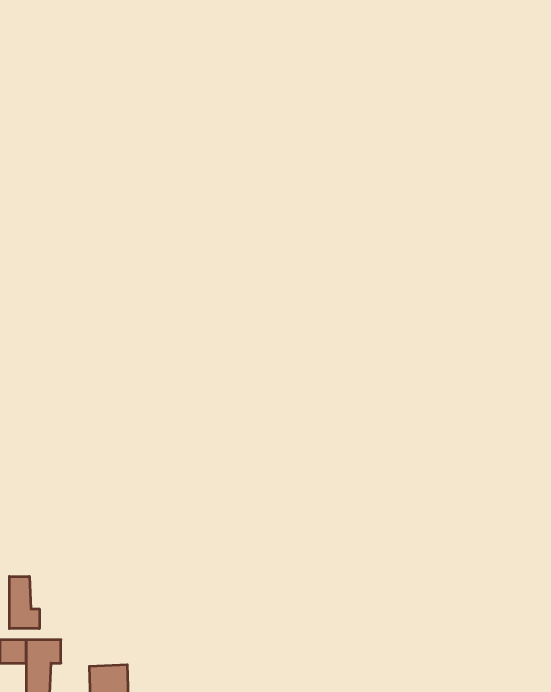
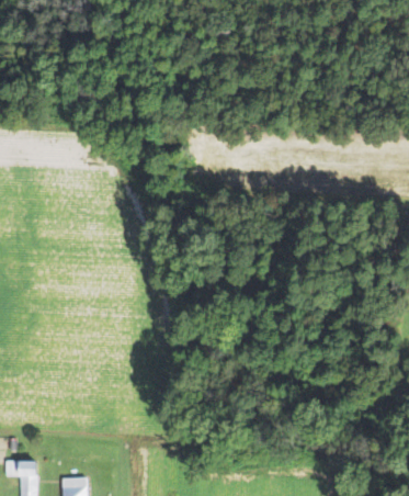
building: [9,576,39,629] -> none

